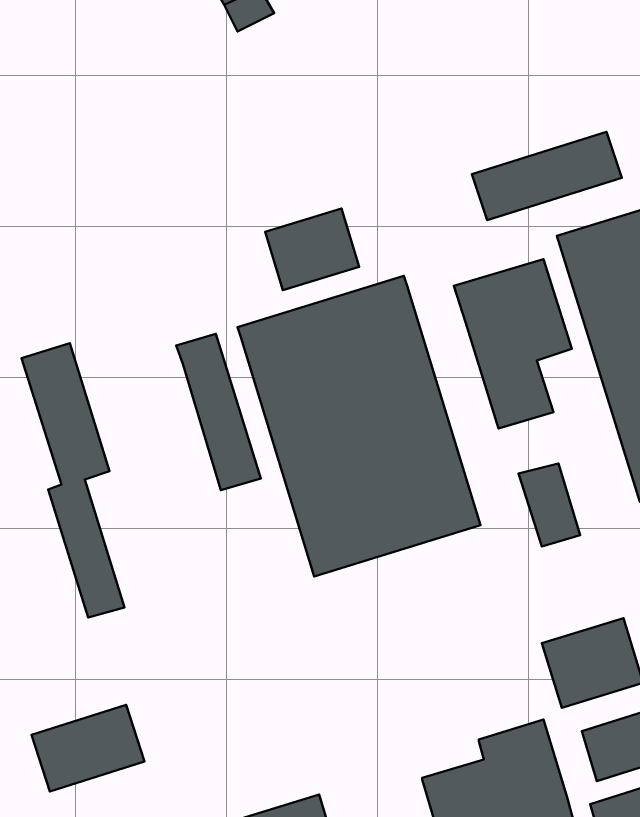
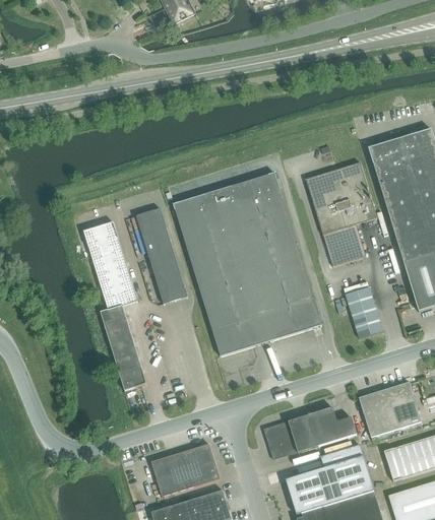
building: [472,132,622,220] -> none
building: [265,208,359,290] -> none
building: [22,343,125,617] -> [83,222,146,390]
building: none -> [262,407,356,458]
building: [31,705,145,791] -> [150,444,220,497]

